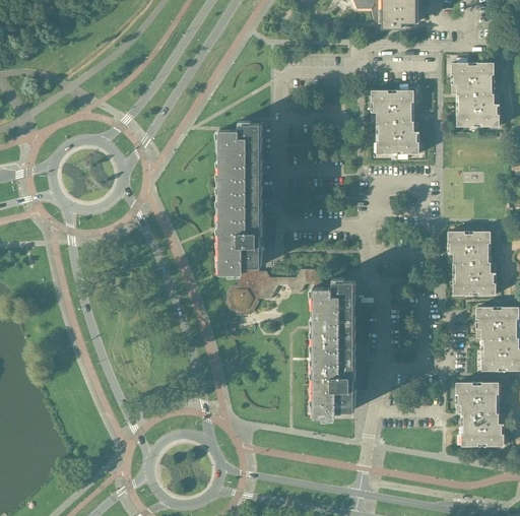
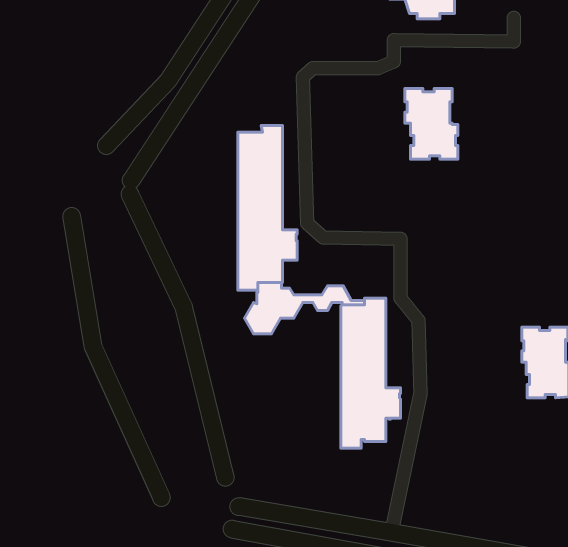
building: [451,63,499,126] -> none
building: [448,232,496,295] -> none
building: [456,382,503,446] -> none

